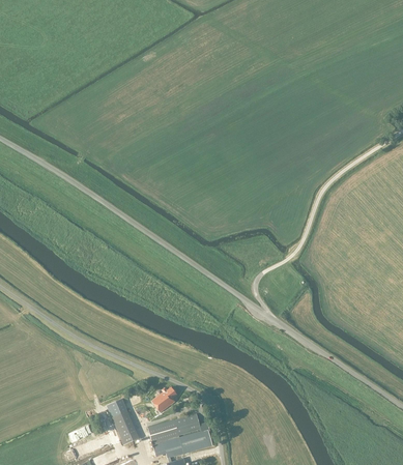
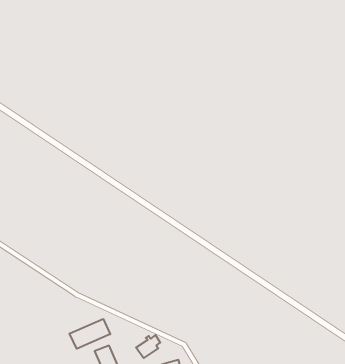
building: none -> [70,319,110,349]

